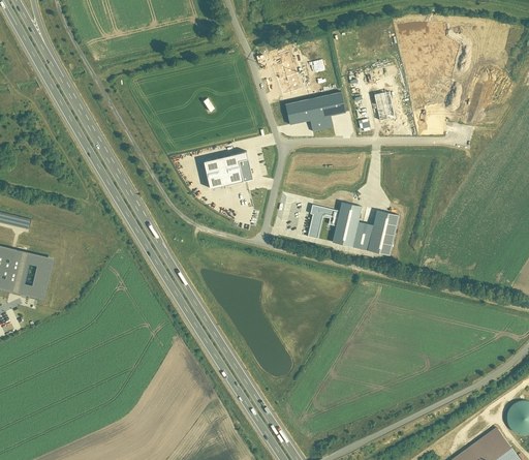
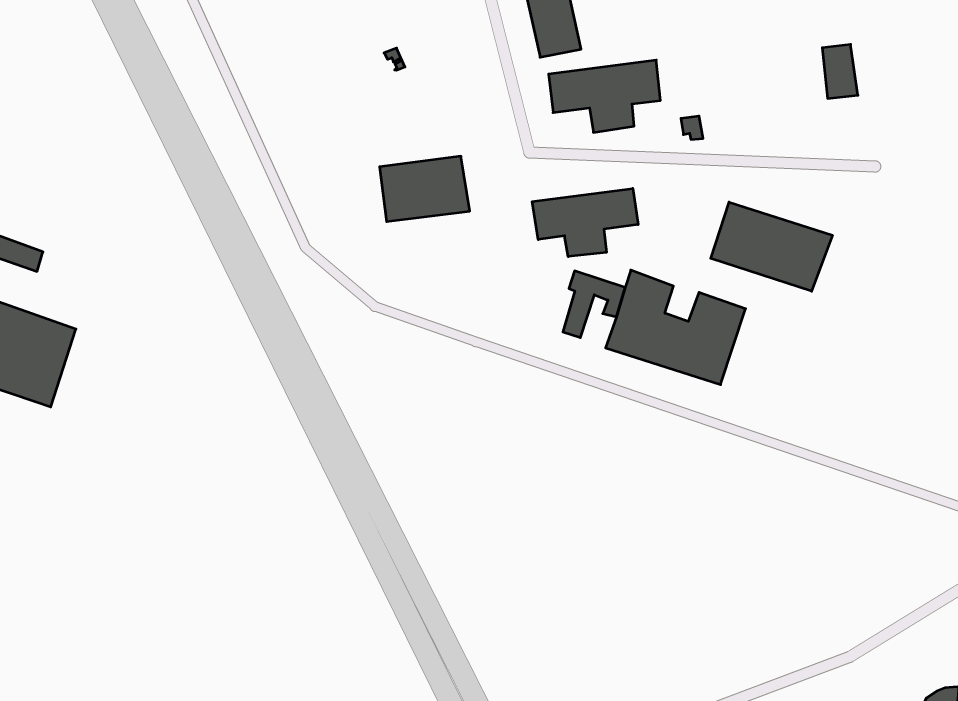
building: [374,92,395,121] -> [822,44,858,98]
building: none -> [532,188,638,257]
building: none -> [711,202,832,291]

